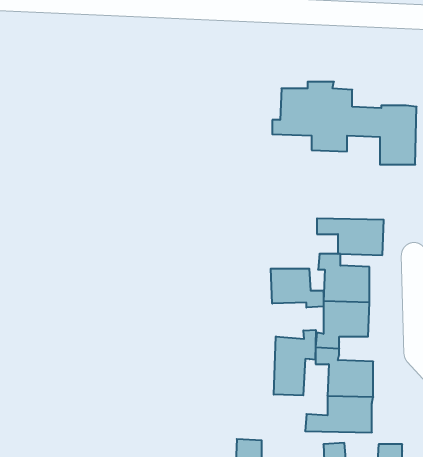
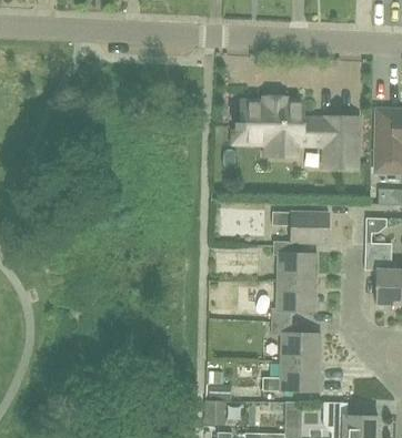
building: [271,269,323,308] -> none
building: [274,330,316,395] -> none

